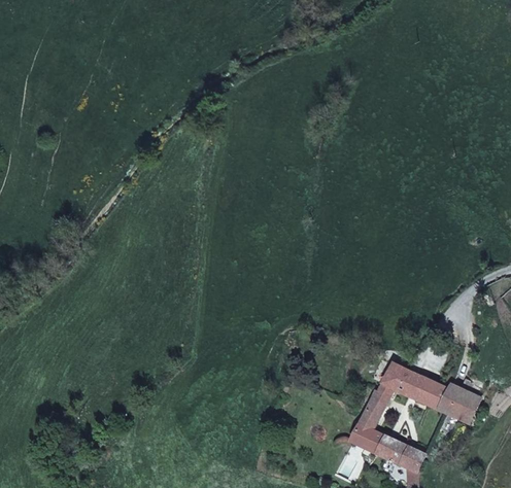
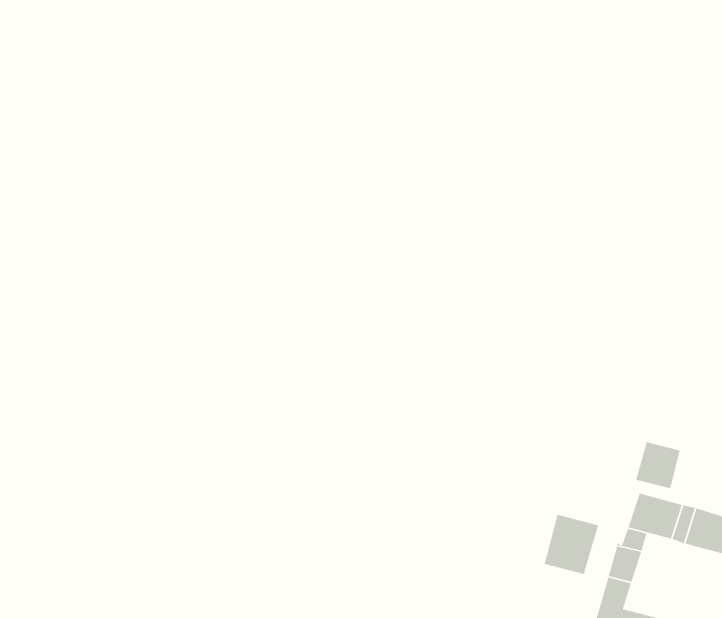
building: none -> [635,441,681,489]
building: none -> [543,514,599,575]

